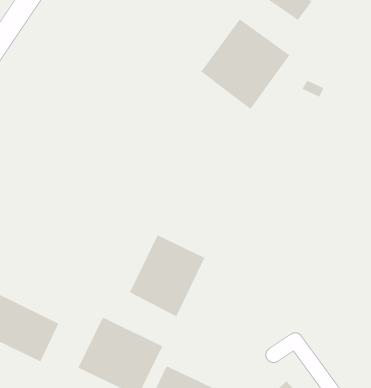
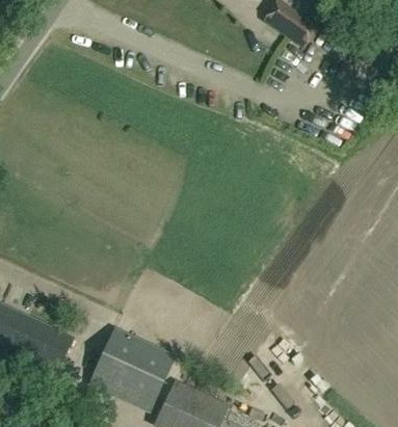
building: [201,18,290,110] -> none
building: [129,235,205,317] -> none

